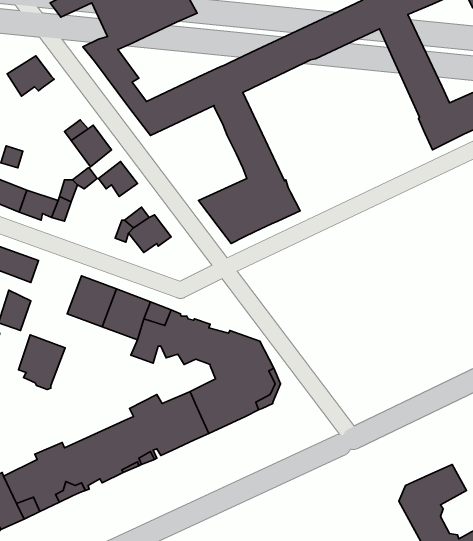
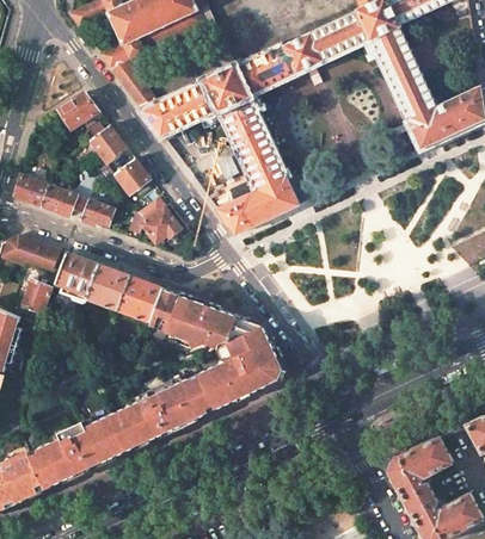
building: [7,56,54,96] -> [57,93,100,130]
building: none -> [80,200,113,225]
building: [18,335,65,389] -> [55,253,98,303]

